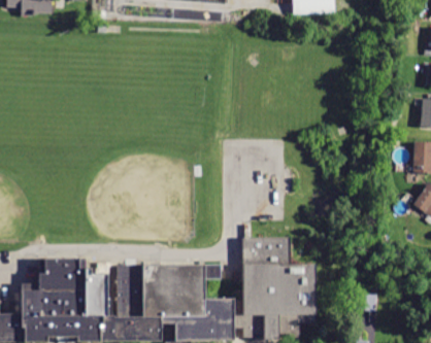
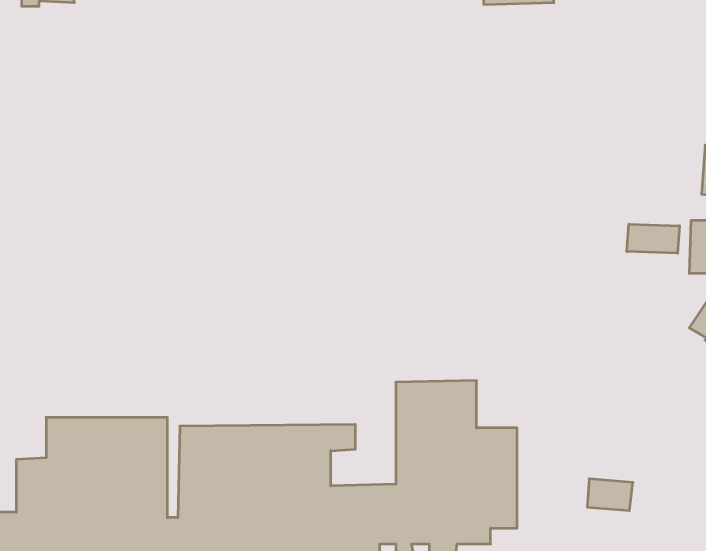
building: none -> [627,224,680,253]

